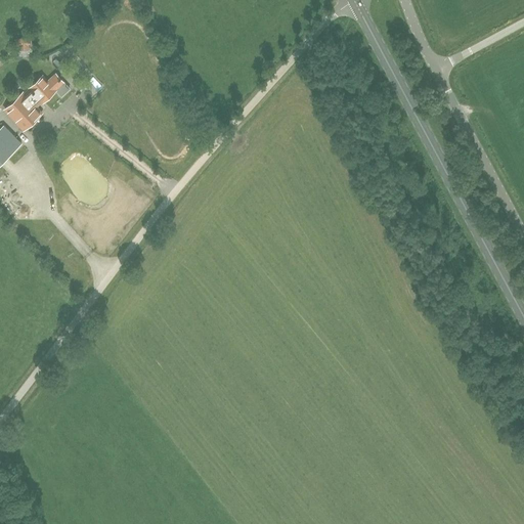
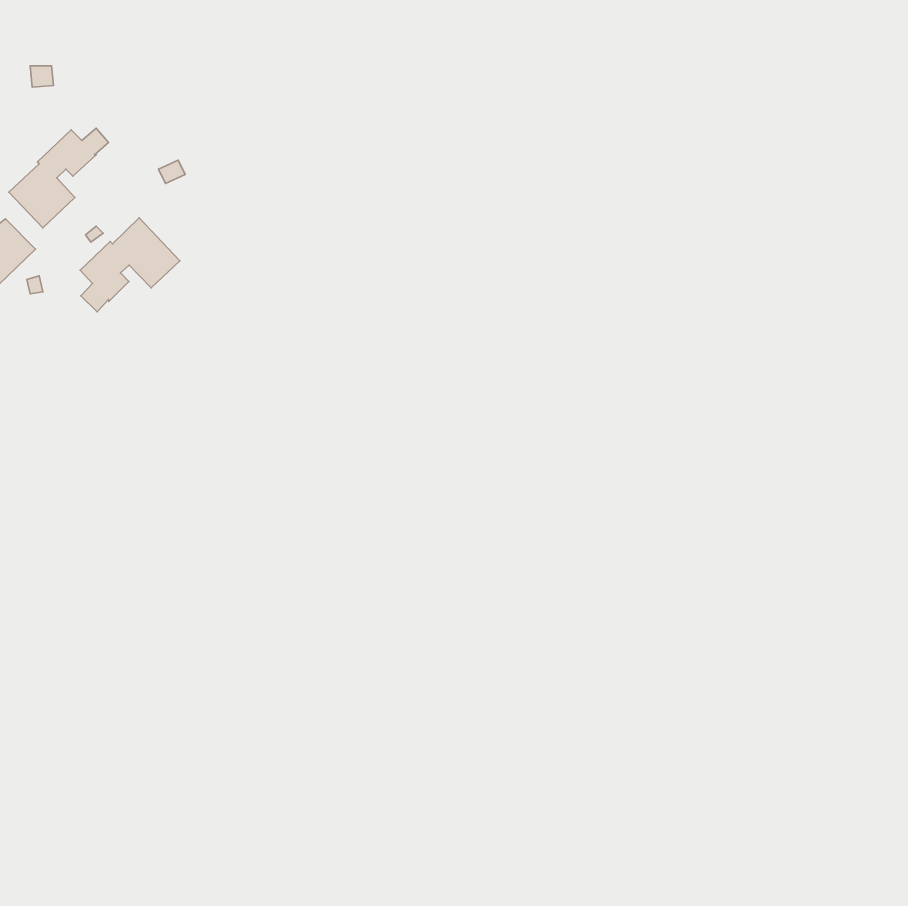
building: none -> [80,218,180,312]

